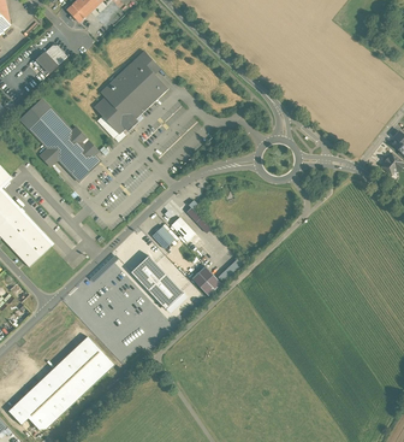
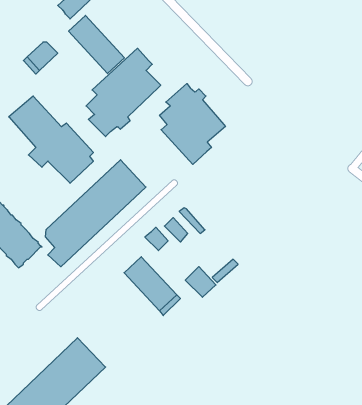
building: none -> [69,15,124,74]
building: none -> [160,84,225,164]
building: none -> [45,160,146,267]

